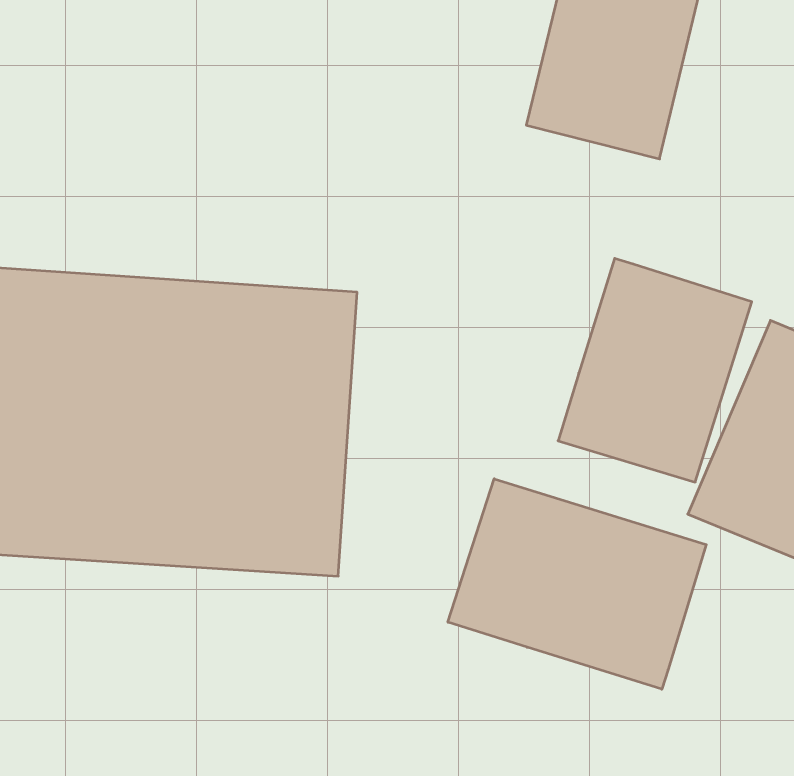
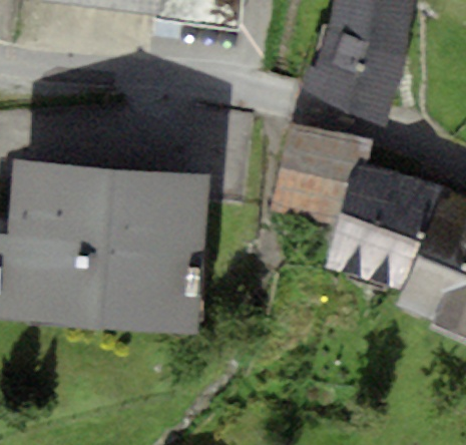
building: none -> [272,121,374,224]
building: [448,479,706,689] -> none

